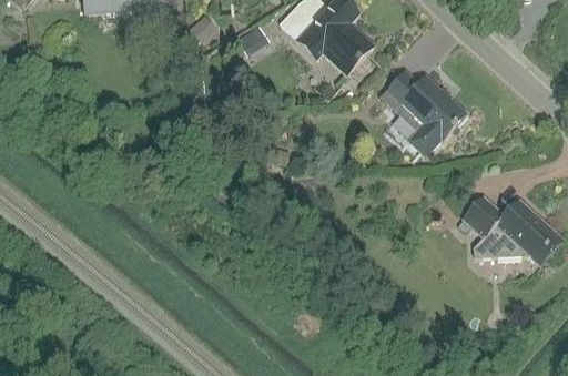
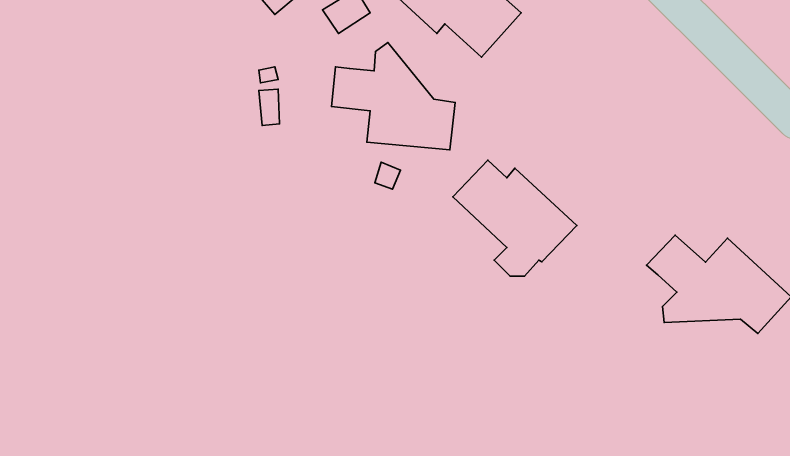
building: none -> [332,43,455,150]
building: [379,70,466,151] -> [453,160,577,276]

